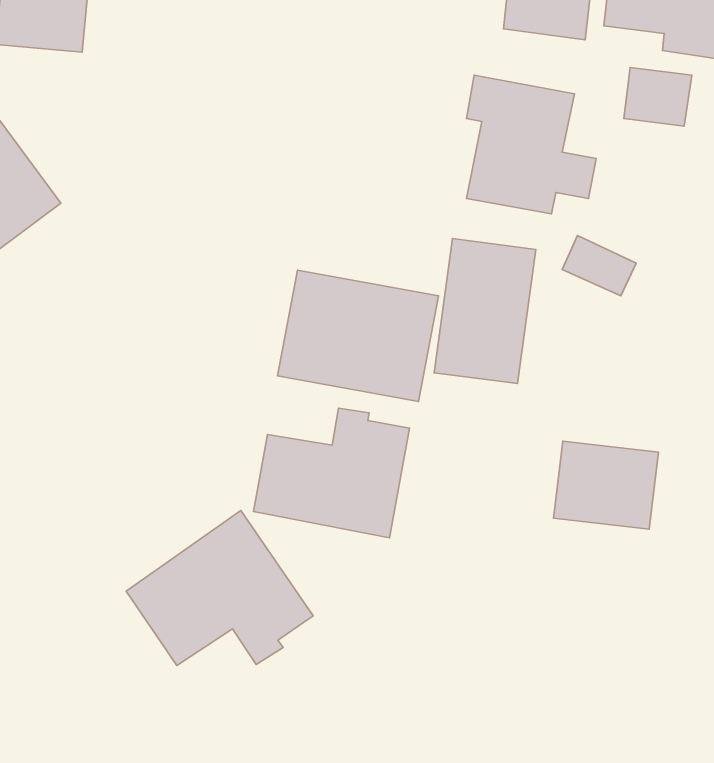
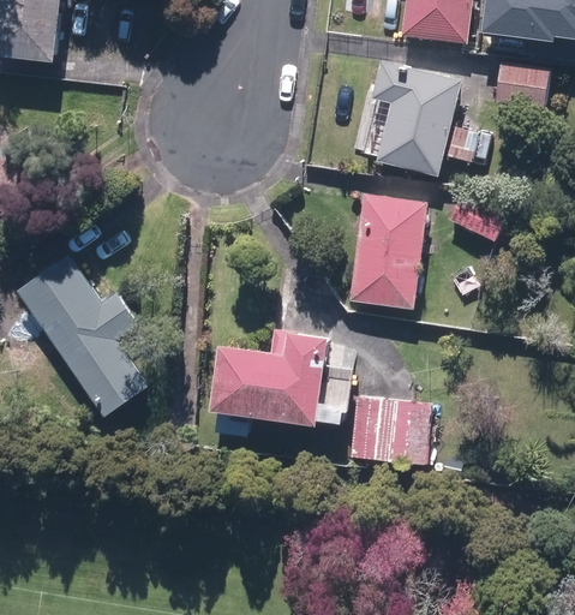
building: [277,270,438,402] -> none
building: none -> [16,256,148,418]
building: [553,441,658,529] -> [351,395,432,464]
building: [126,511,313,665] -> none

